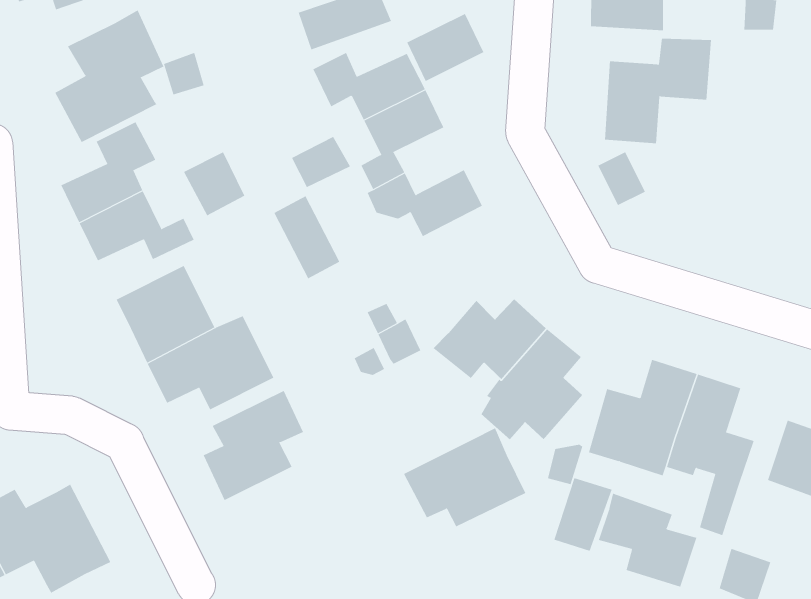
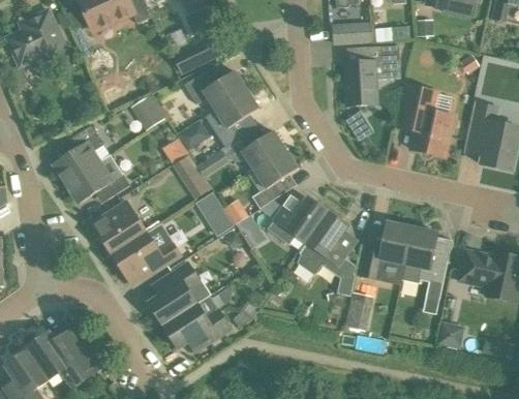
building: [54,9,164,143] -> none
building: [406,13,484,82] -> none
building: none -> [395,82,454,155]
building: [183,152,245,216] -> [130,93,165,129]
building: none -> [252,148,298,208]
building: none -> [194,193,234,237]
building: [403,427,526,527] -> [162,294,231,350]
building: [598,493,697,588] -> none

